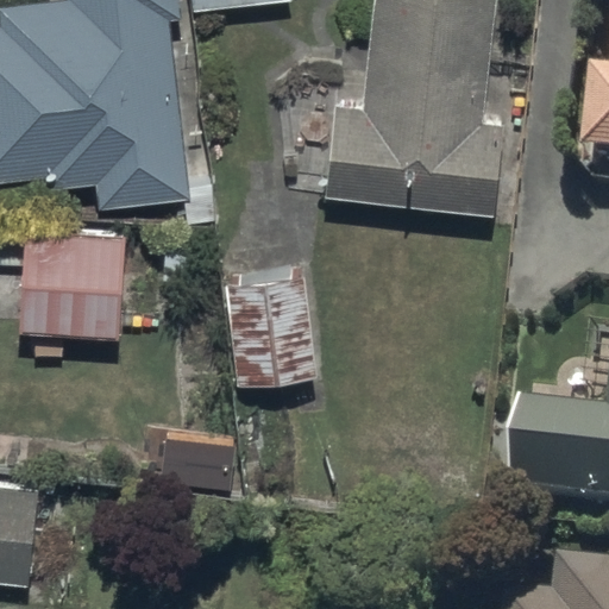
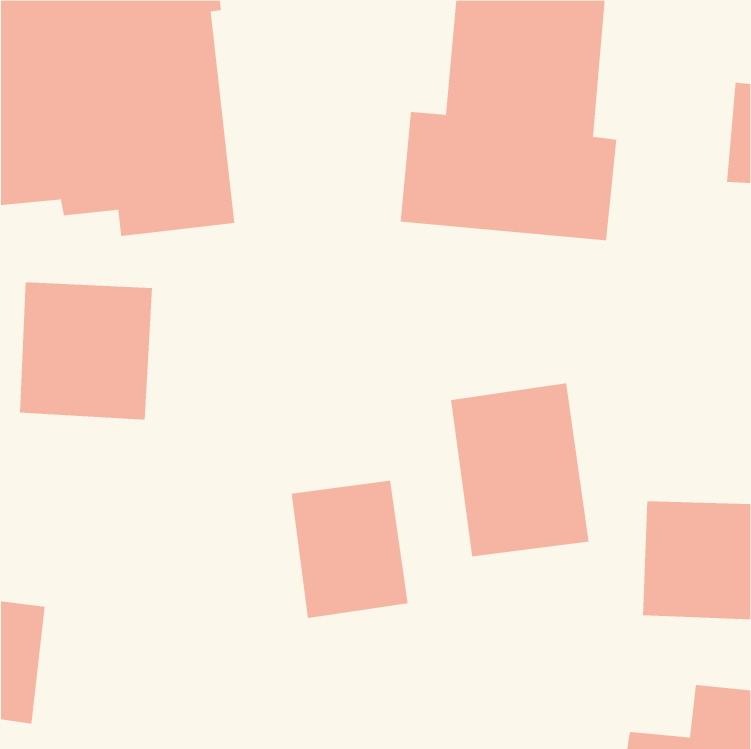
building: [226,281,321,393] -> [291,480,408,618]
building: none -> [450,383,589,557]

